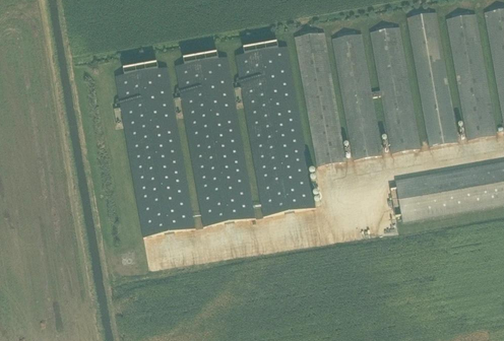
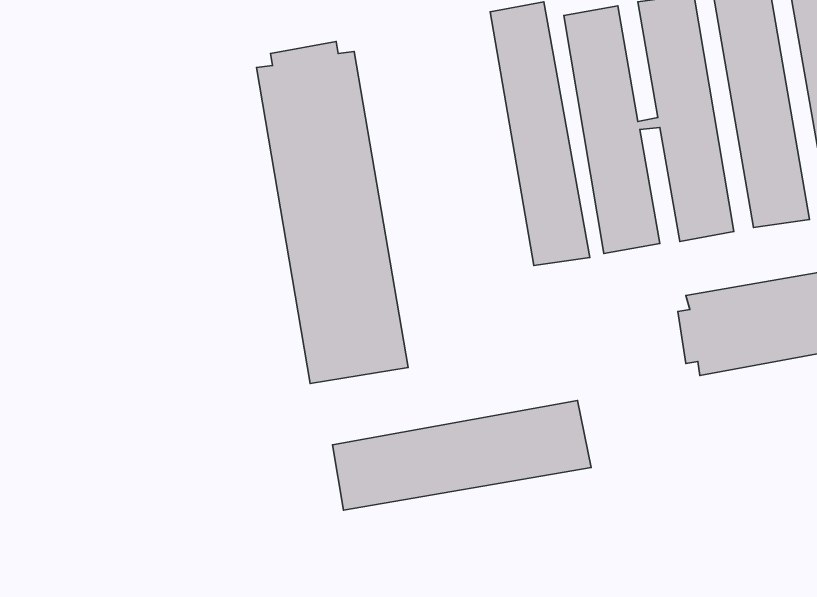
building: [237,42,314,215] -> none
building: [116,67,195,237] -> none
building: none -> [333,401,591,510]

